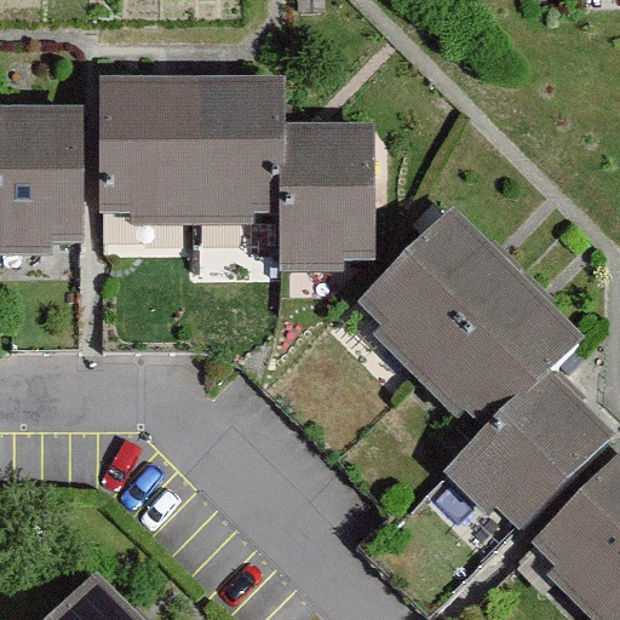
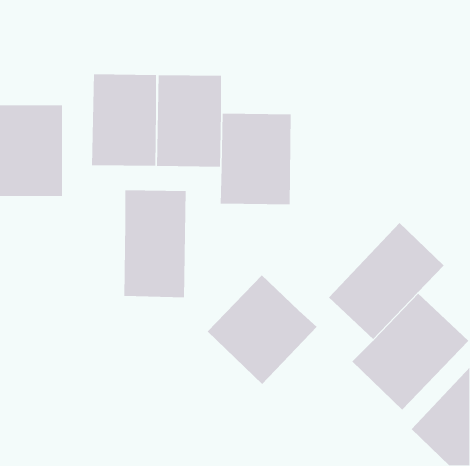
building: [364,231,515,383] -> none
building: none -> [123,189,187,298]
building: none -> [207,274,317,385]

